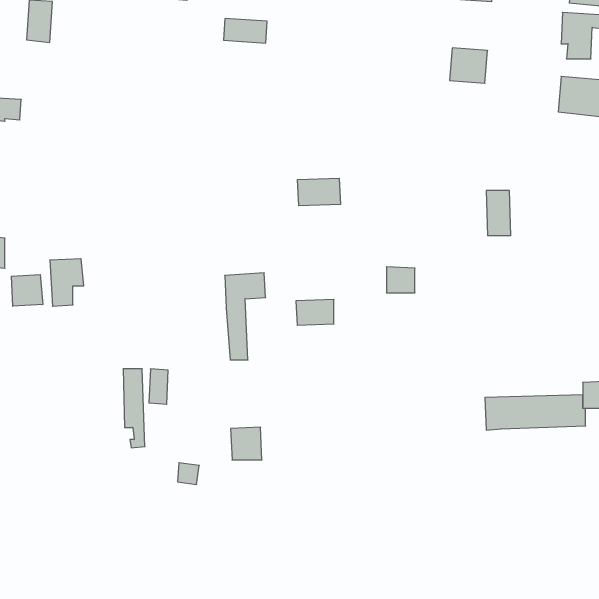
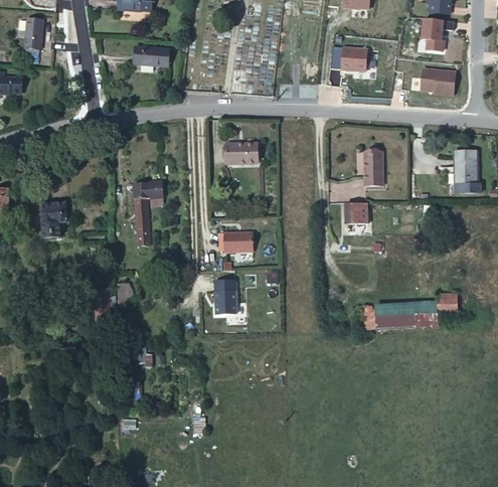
building: [224,19,267,43] -> [133,48,165,66]
building: [386,267,415,293] -> [344,202,365,221]
building: [225,273,266,360] -> [133,180,163,245]
building: [11,275,43,306] -> none
building: [231,427,262,460] -> [211,289,234,313]

